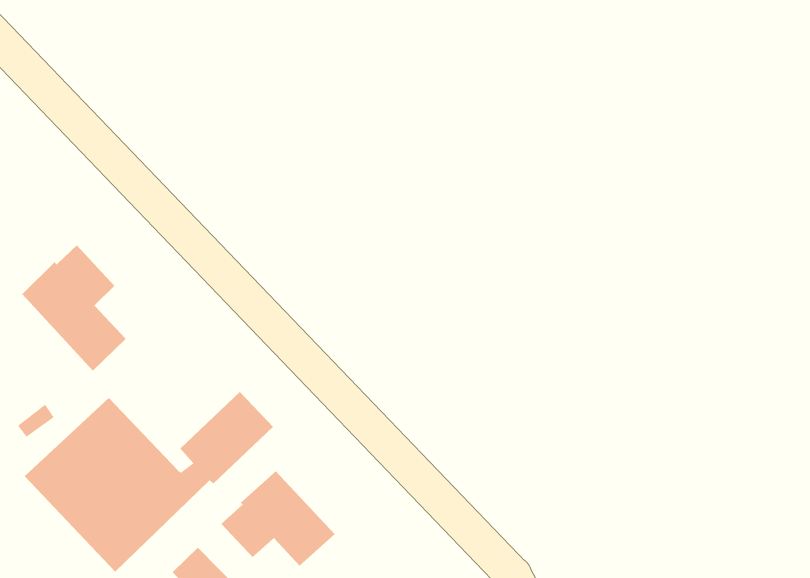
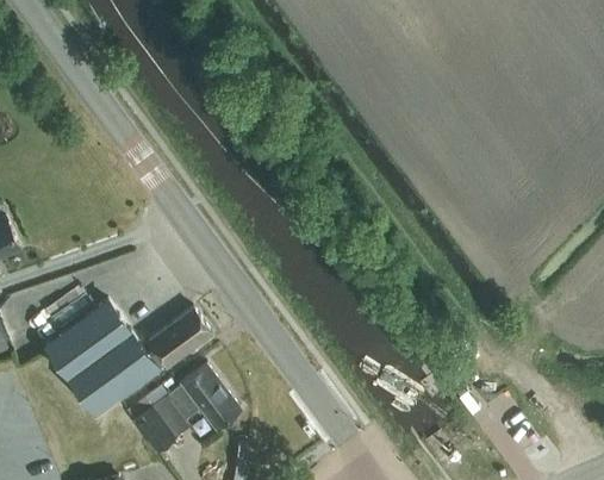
building: [21,244,126,372] -> none

